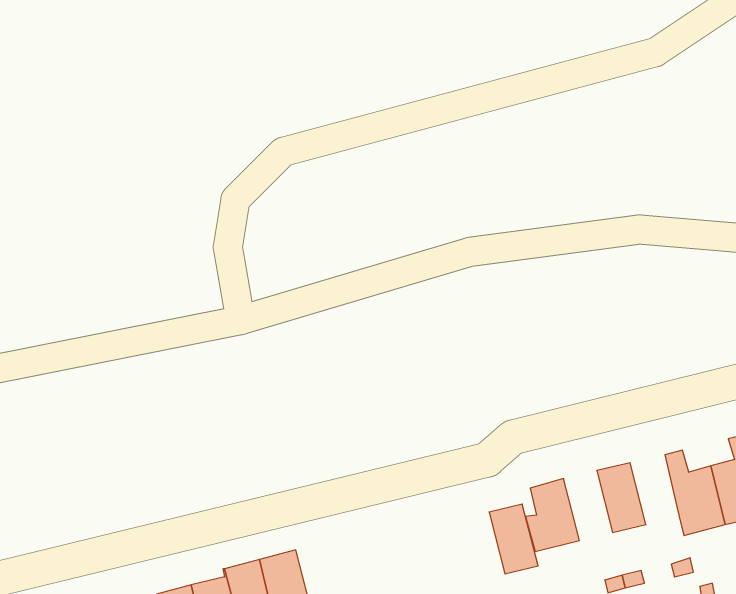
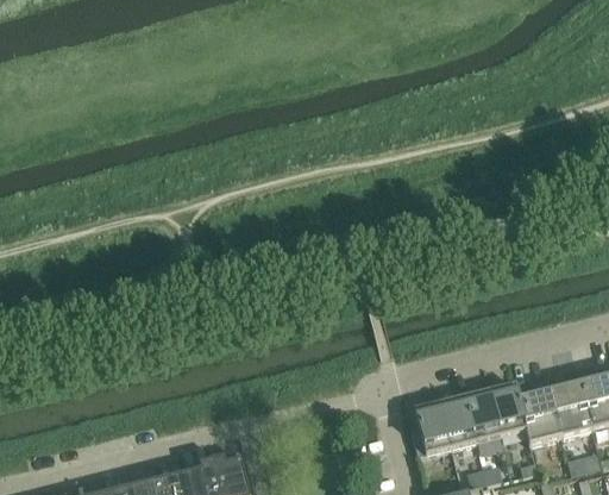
building: none -> [489,382,526,436]
building: [489,504,538,574] -> [439,395,476,447]

